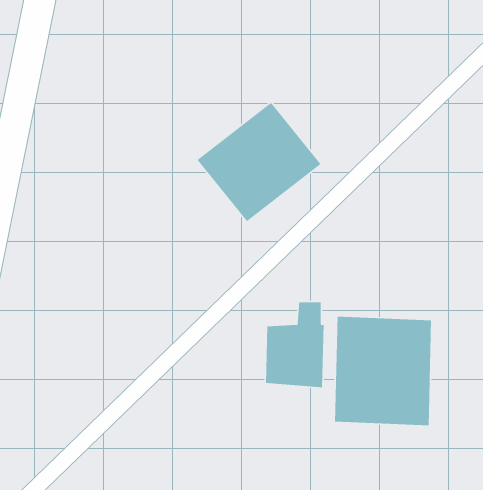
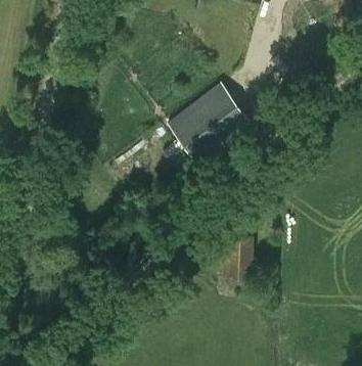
building: [334,316,432,426] -> none

